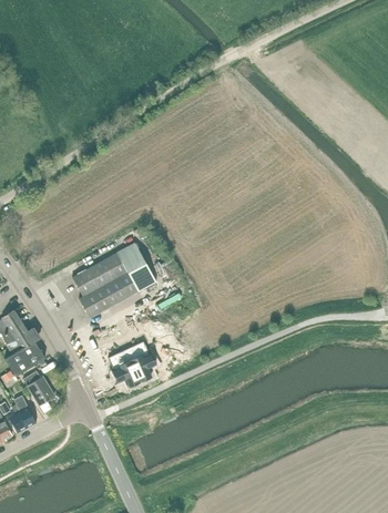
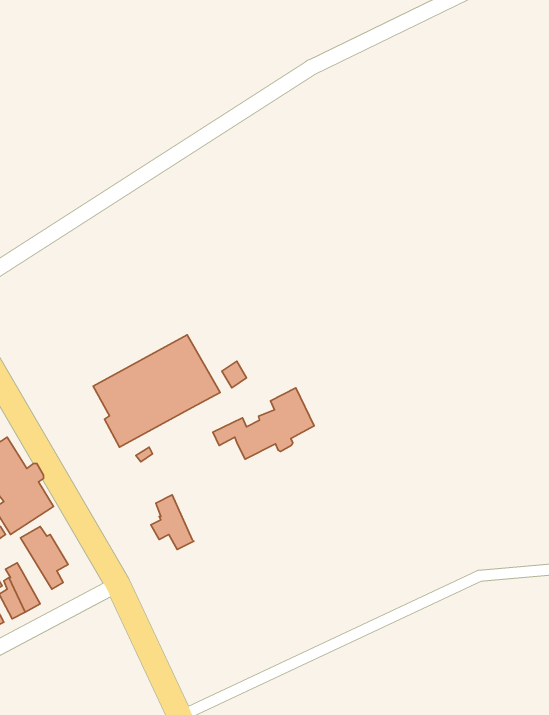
building: none -> [213,388,314,459]
building: [124,343,152,379] -> none

